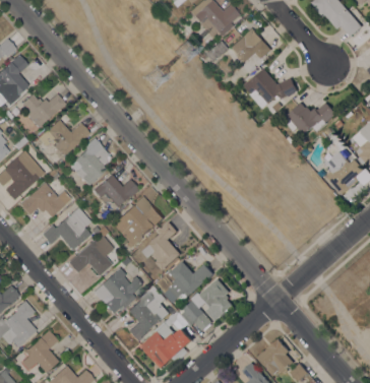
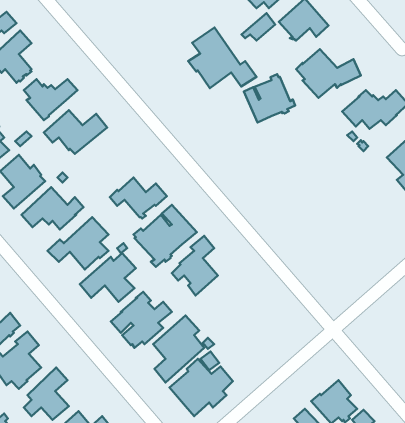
building: none -> [188,28,256,88]
building: none -> [244,74,295,122]
building: [70,137,111,185] -> none
building: [157,261,212,306] -> none
building: [183,278,232,331] -> none

